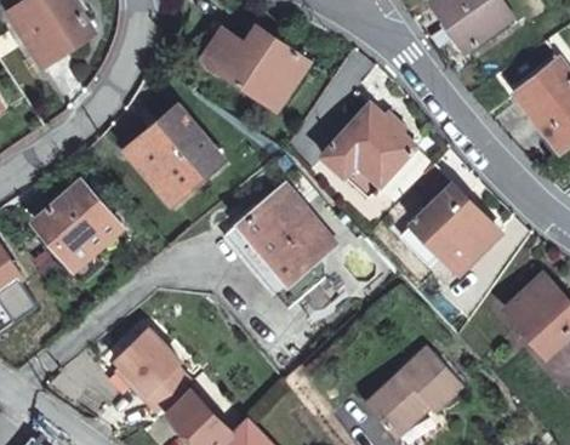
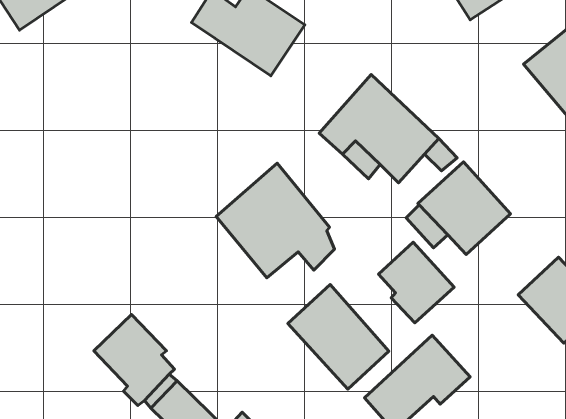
building: [126,105,218,199] -> none
building: [35,177,119,261] -> none
building: none -> [378,242,454,323]
building: none -> [288,285,389,389]

